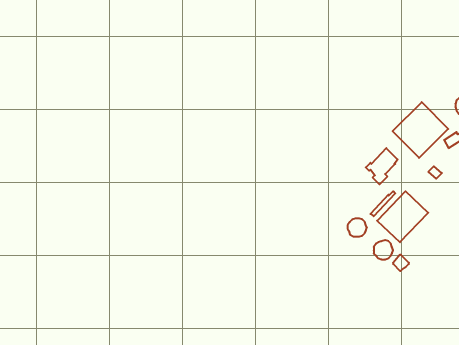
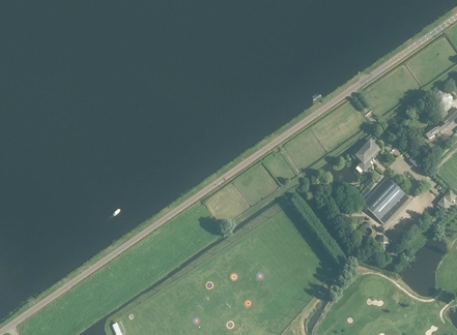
building: [393,102,448,158] -> none

